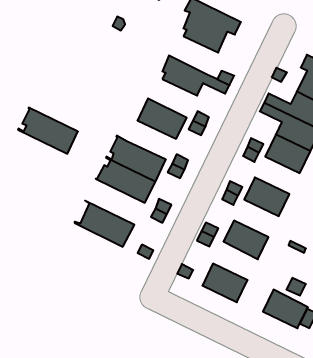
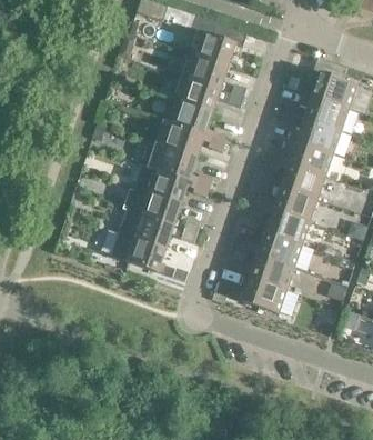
building: none -> [179,56,228,91]
building: none -> [163,97,212,137]
building: [18,108,78,154] -> [113,209,173,250]
building: none -> [148,146,196,181]
building: none -> [280,166,324,200]
building: none -> [264,211,309,246]
building: [263,290,308,328] -> [249,256,293,291]

